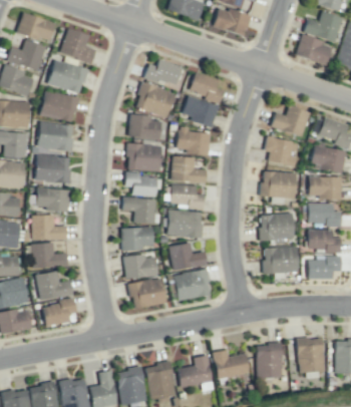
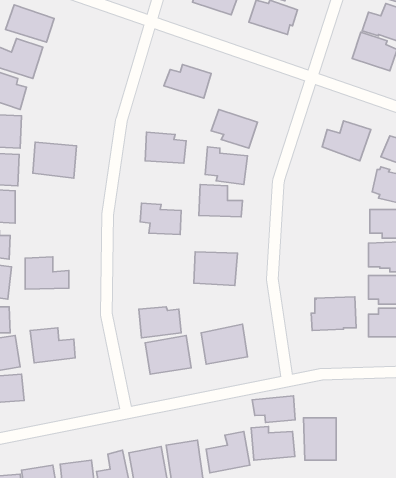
building: [60,29,95,63] -> none
building: [47,60,87,93] -> none
building: [190,73,223,101] -> none
building: [134,83,174,117] -> none
building: [39,90,78,123] -> none
building: [263,136,298,167] -> none
building: [126,142,161,170] -> none
building: [35,155,70,182] -> none
building: [259,171,295,198] -> none
building: [171,185,204,210] -> none
building: [37,188,70,212] -> none
building: [122,197,156,224] -> none
building: [258,213,294,245] -> none
building: [121,228,153,251] -> none
building: [31,243,67,268] -> none
building: [168,243,207,271] -> none
building: [41,299,76,327] -> none
building: none -> [252,396,295,422]
building: [297,337,325,373] -> none

